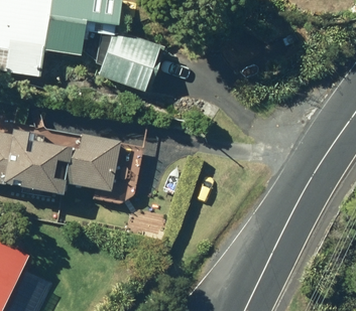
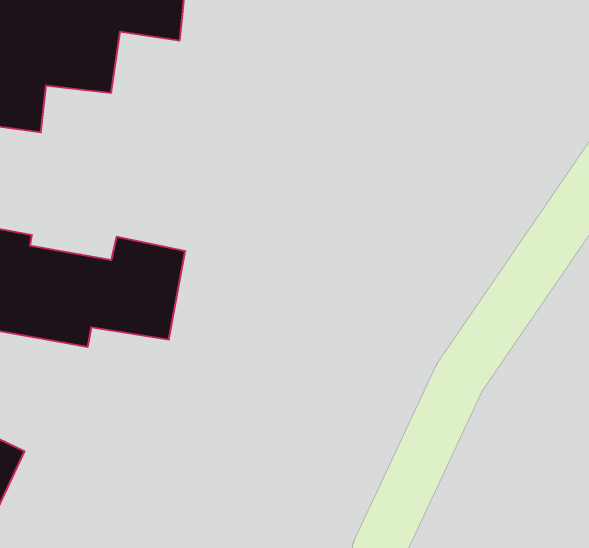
building: [98,33,161,91] -> none

